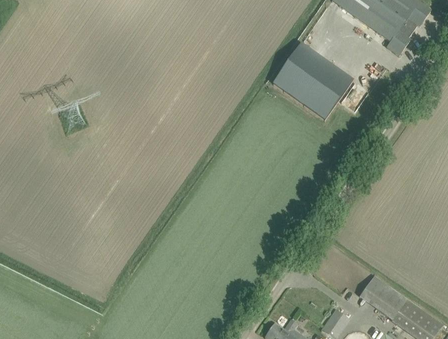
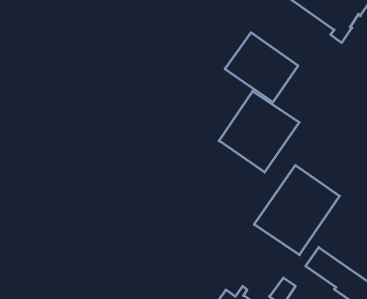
building: none -> [219,91,299,172]
building: none -> [254,165,340,255]

